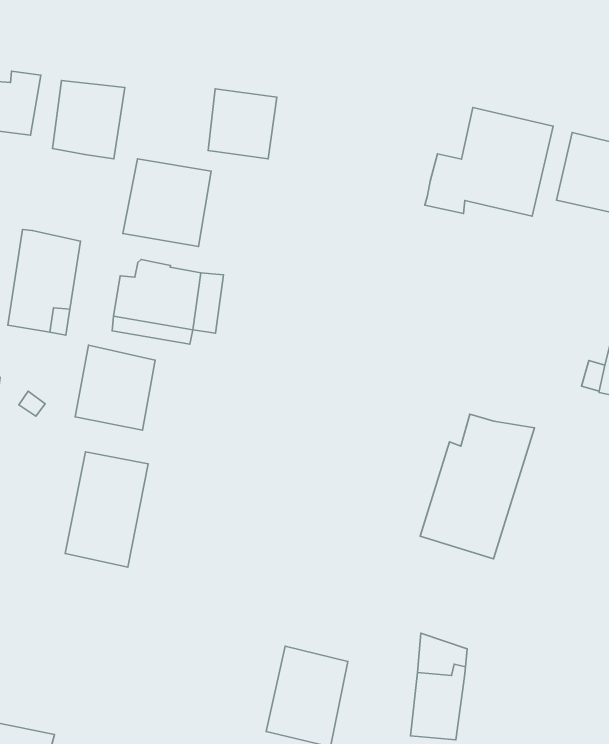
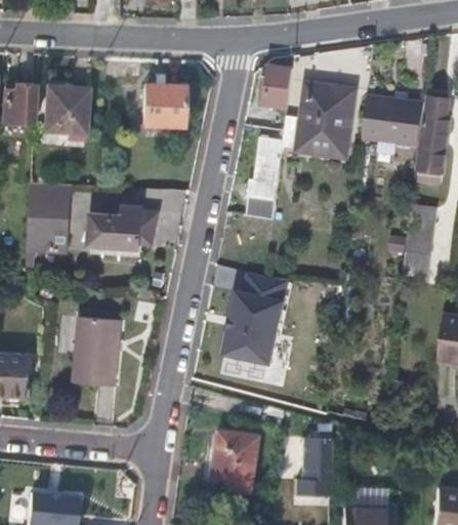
building: none -> [263,67,292,108]
building: [123,159,211,246] -> none
building: none -> [248,138,282,219]
building: [75,345,155,430] -> none
building: [420,414,534,559] -> [223,274,289,363]

